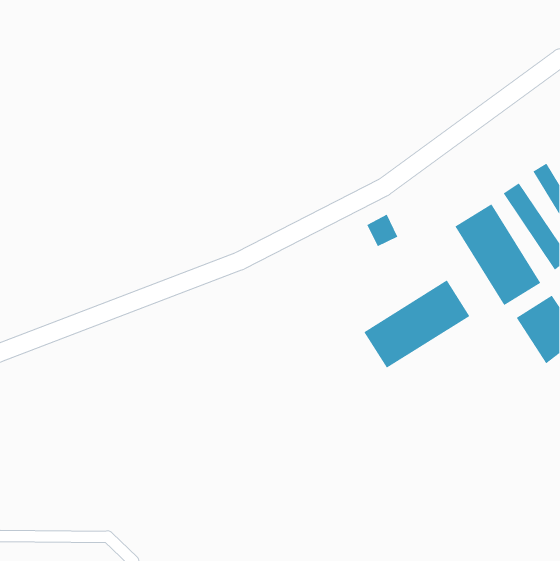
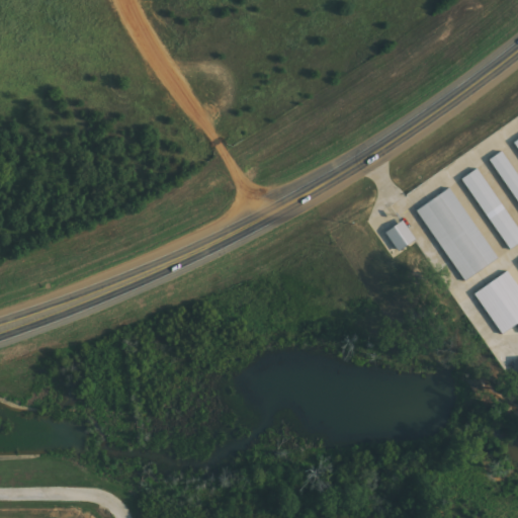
building: [366,214,398,247] -> [386,221,416,251]
building: [363,280,470,369] -> none

